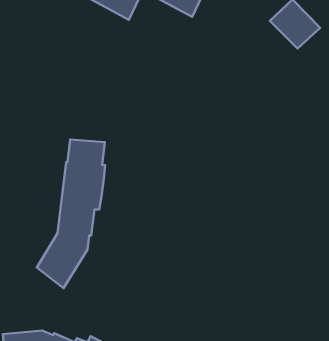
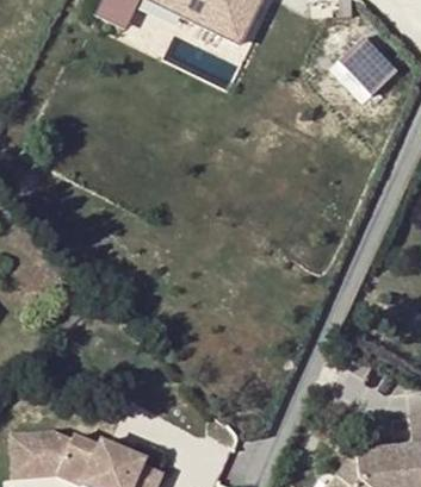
building: [37,139,105,288] -> none

